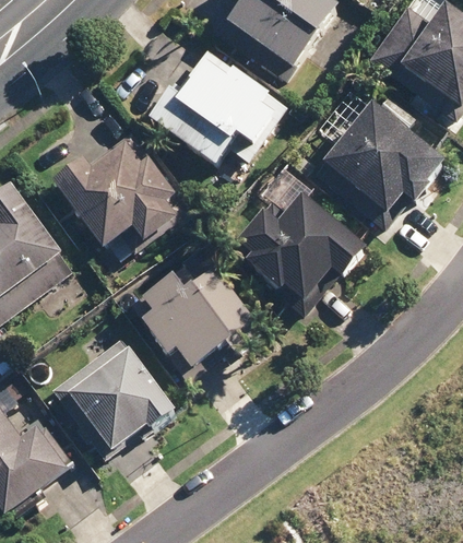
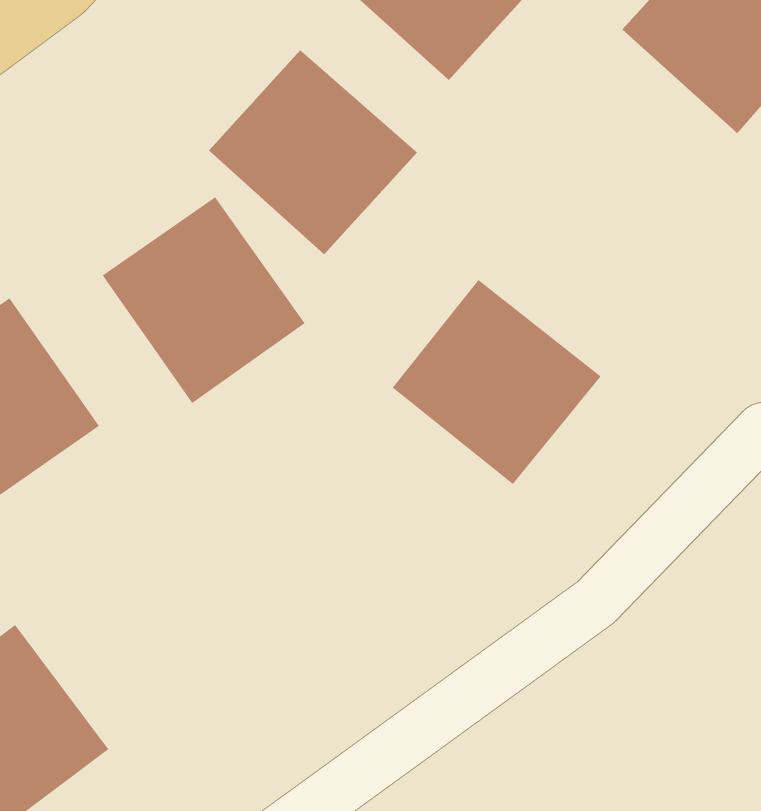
building: [305,96,429,219] -> none
building: [139,245,260,368] -> none
building: [57,337,179,460] -> none

